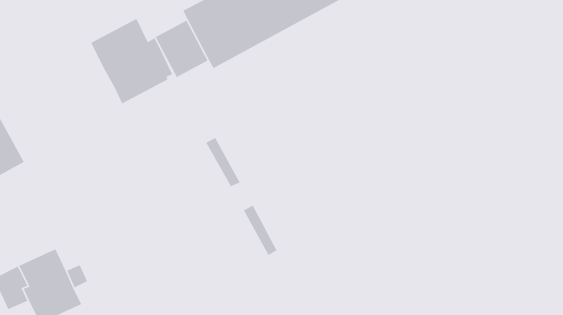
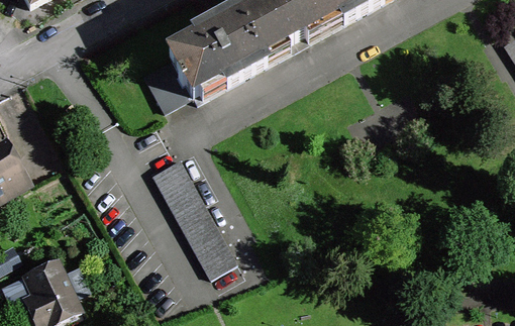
building: [90,18,173,105] -> none
building: none -> [148,150,233,268]

